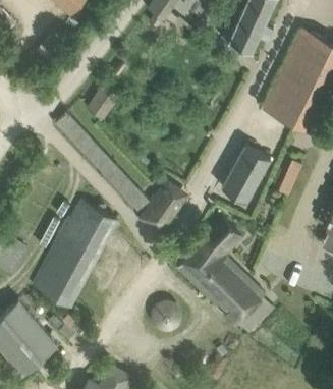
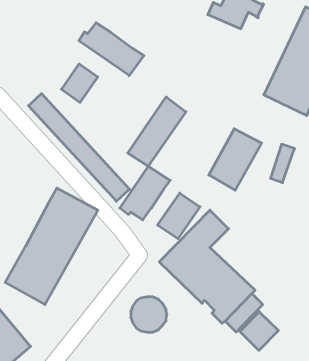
building: none -> [79,23,144,76]
building: none -> [128,97,186,166]
building: none -> [158,193,200,239]
building: none -> [240,312,278,350]

